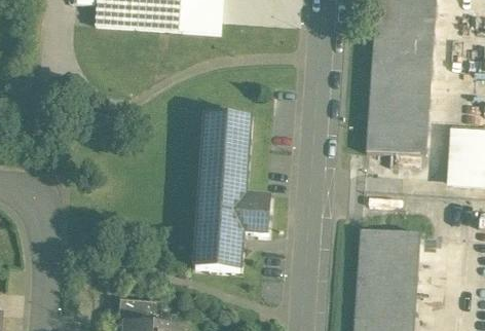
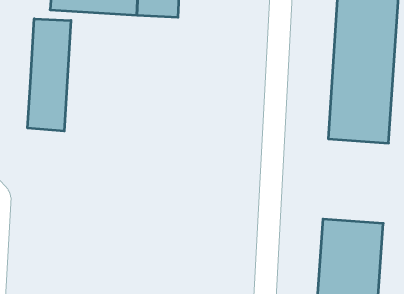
building: none -> [28,19,71,131]
building: [194,112,269,269] -> none

